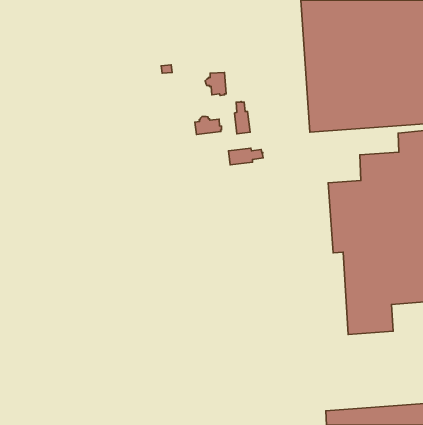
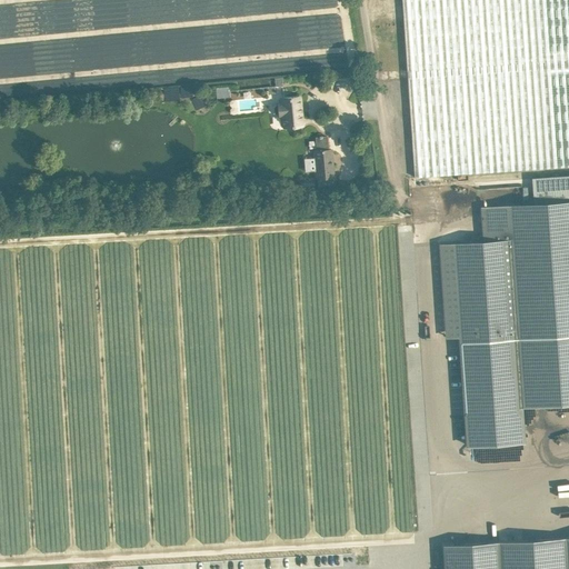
building: [195,116,222,134] -> none
building: [229,148,263,165] -> none

